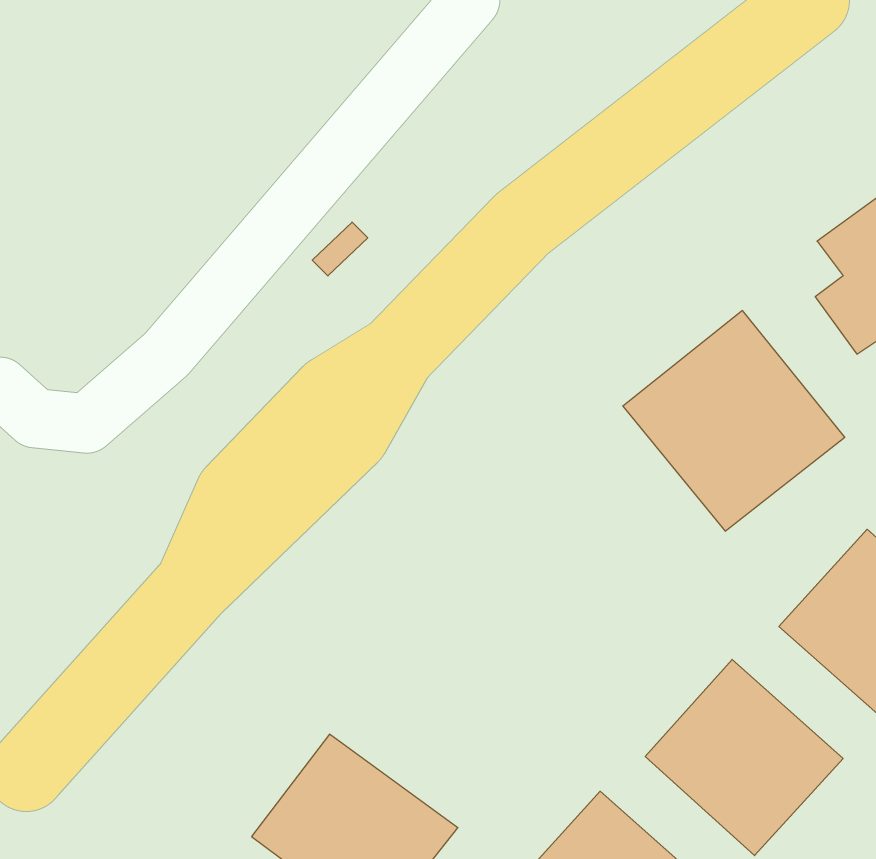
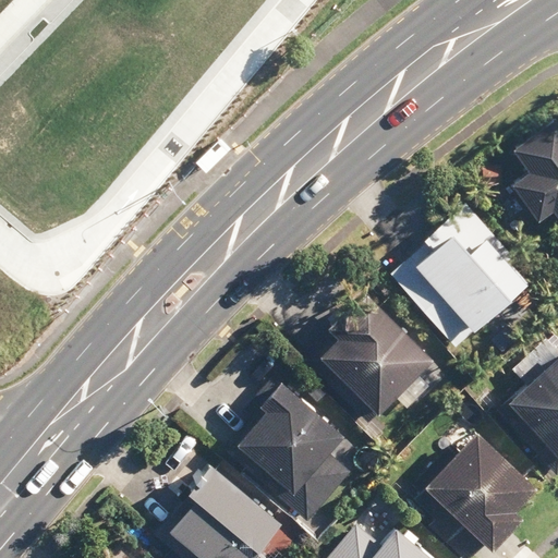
building: none -> [315,296,440,422]
building: none -> [232,386,356,506]

